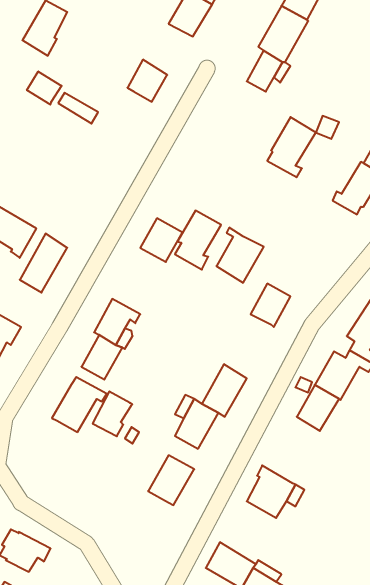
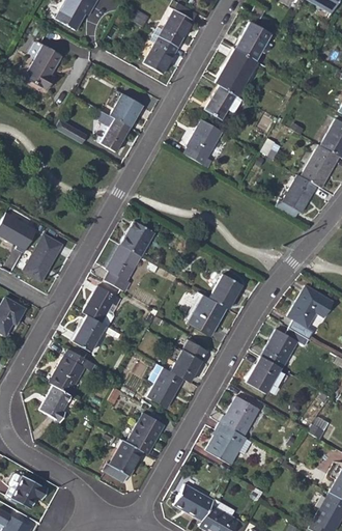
building: [27,71,62,105] -> none
building: none -> [101,118,130,151]
building: [267,117,316,177] -> [183,119,223,168]
building: [175,211,221,270] -> [104,245,141,292]
building: [216,228,264,283] -> [188,291,226,336]
building: [93,391,132,436] -> [39,385,72,421]
building: none -> [219,396,259,436]
building: none -> [102,440,143,481]

